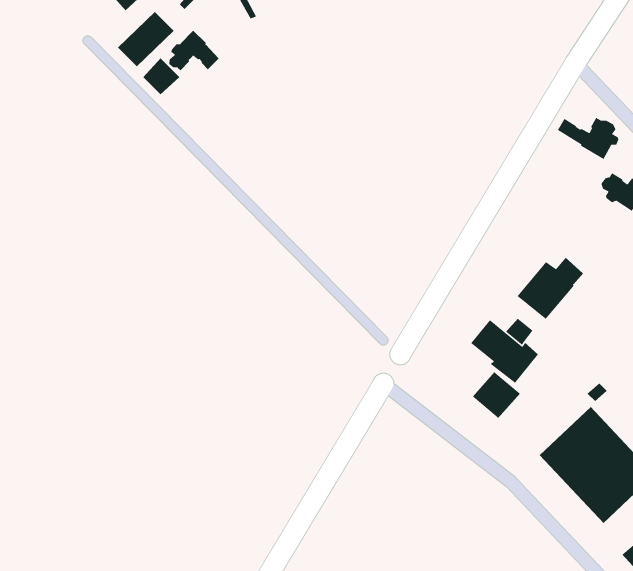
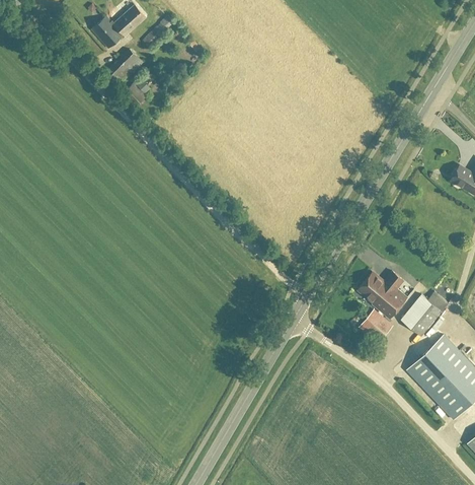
building: [168,29,220,71] -> none
building: [557,117,619,161] -> none
building: [516,257,584,320] -> [399,290,448,336]

